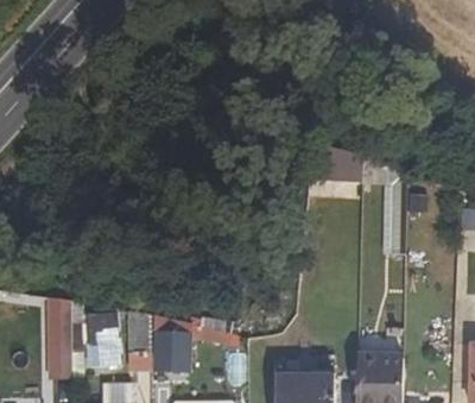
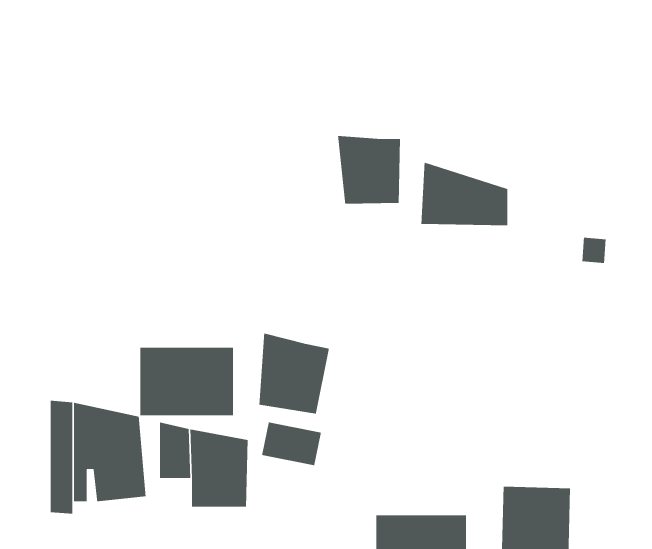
building: none -> [337,135,401,205]
building: none -> [258,333,330,414]
building: none -> [139,347,234,416]

